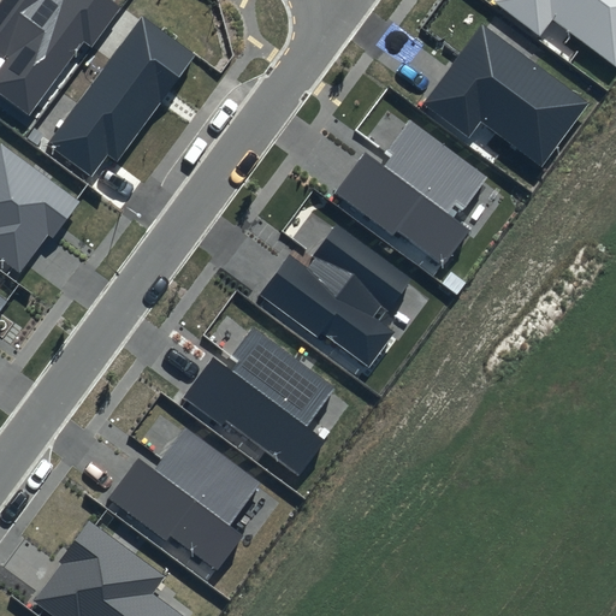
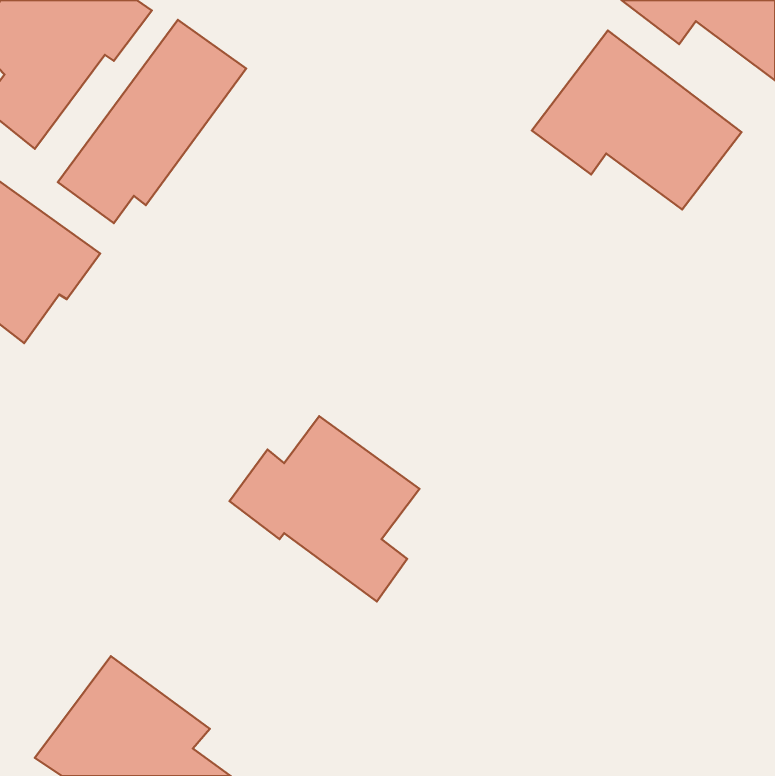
building: [333,120,486,266] -> none
building: [256,223,411,367] -> none
building: [107,428,259,570] -> none

